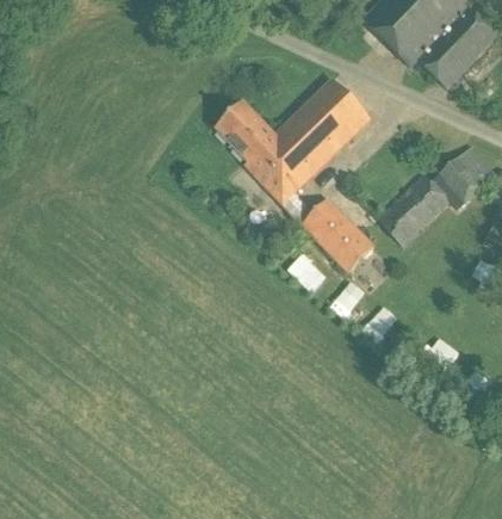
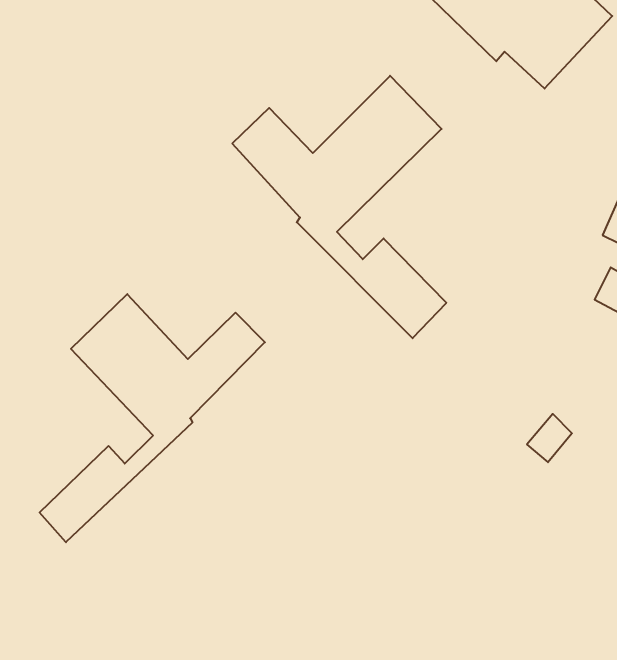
building: [378,147,494,246] -> none
building: none -> [40,294,265,542]

